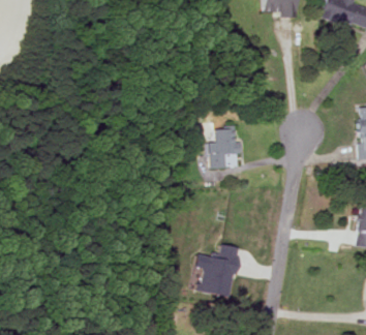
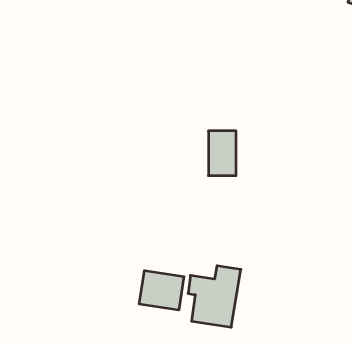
building: none -> [139,271,184,310]

